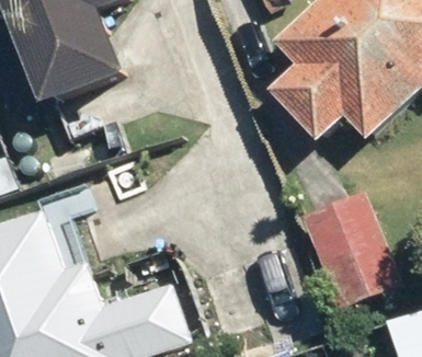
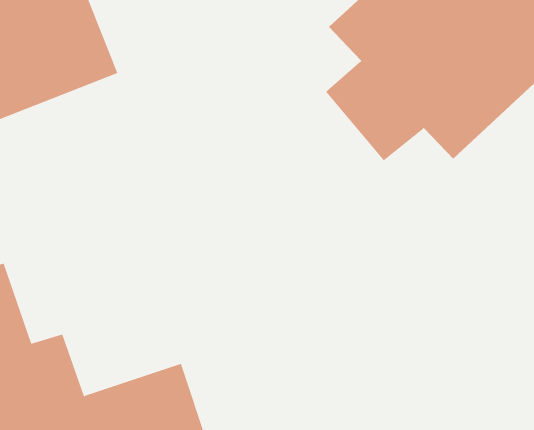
building: [299,195,399,308] -> none

